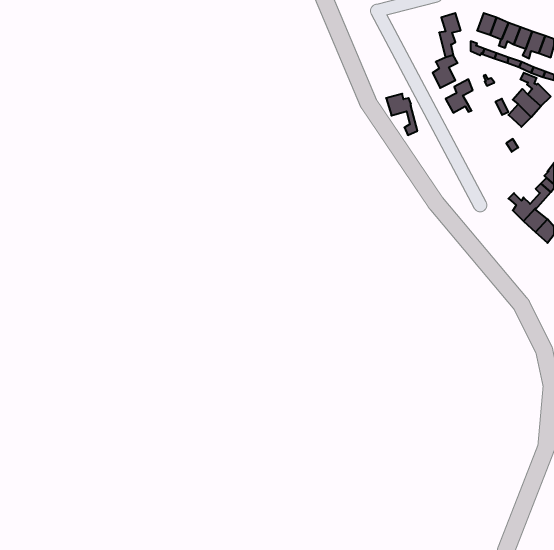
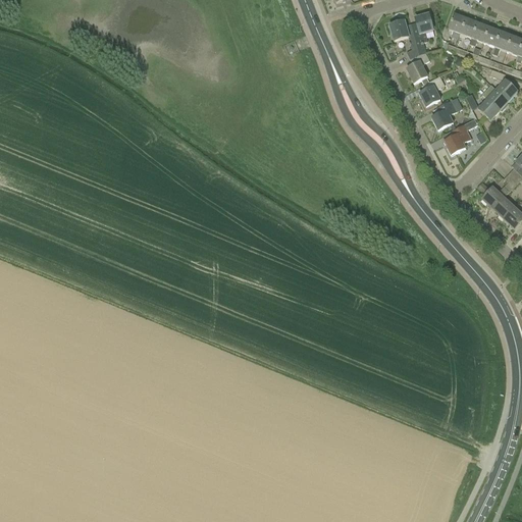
building: [386,94,417,135] -> [389,19,419,58]
building: none -> [431,97,463,129]
building: none -> [443,118,478,154]

